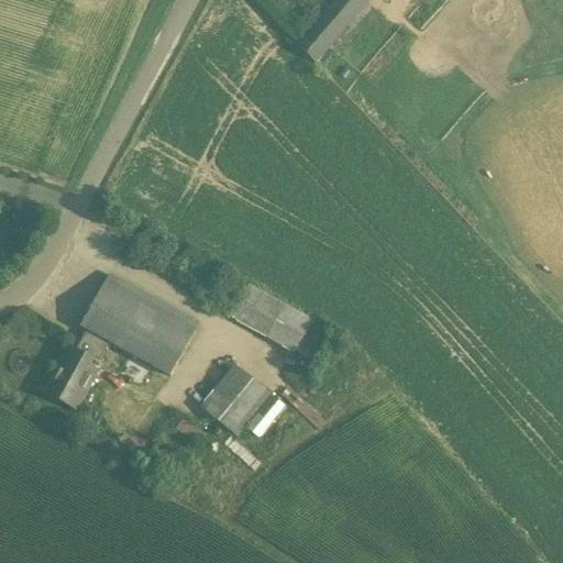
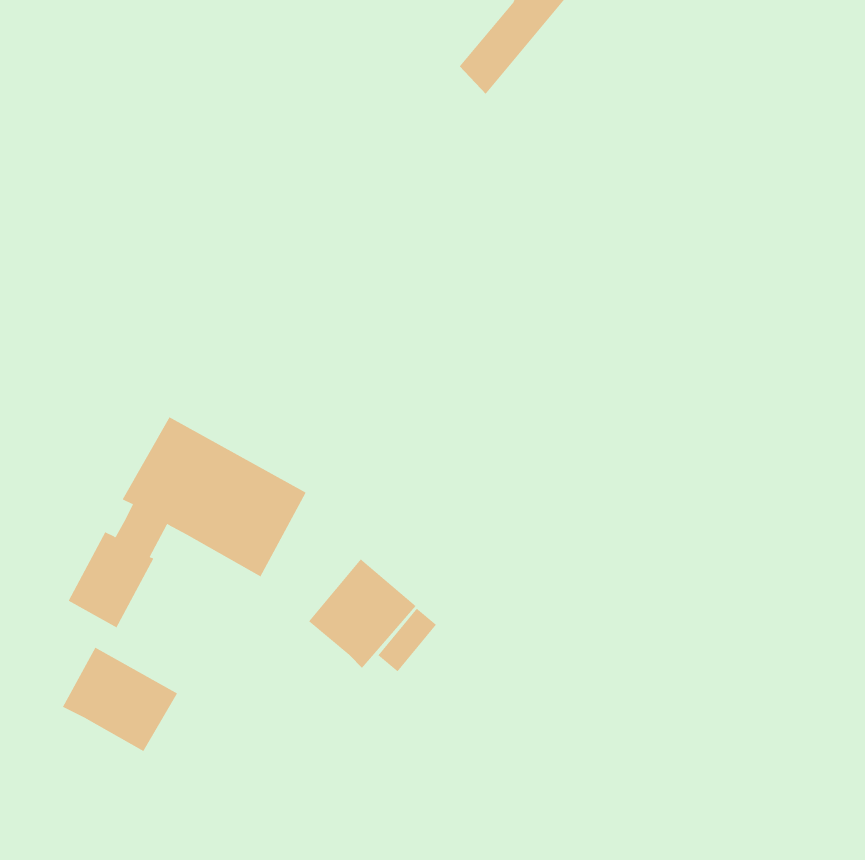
building: [230,282,328,360] -> none
building: none -> [62,647,178,752]

